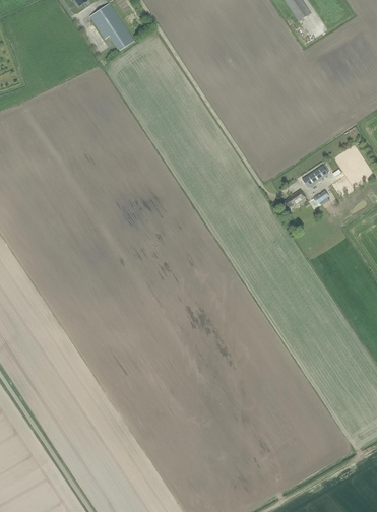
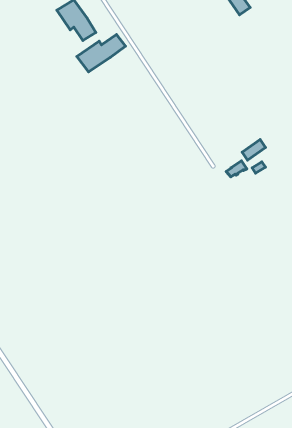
building: none -> [77,34,126,72]

